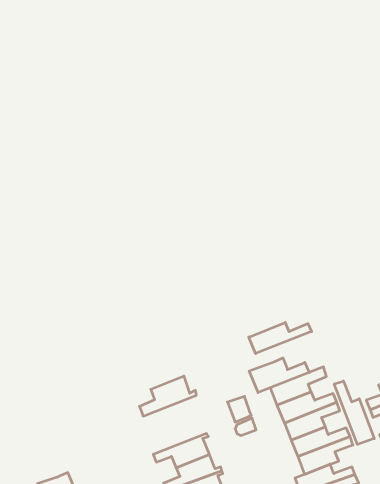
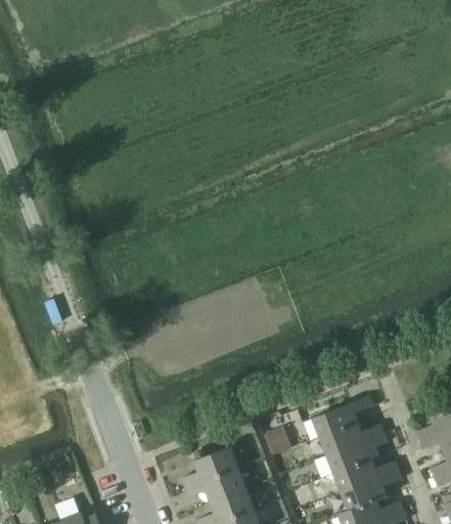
building: [249,322,312,354] -> none
building: [249,358,309,393] -> none
building: [139,376,196,416] -> [182,447,243,490]
building: [334,381,374,444] -> none

